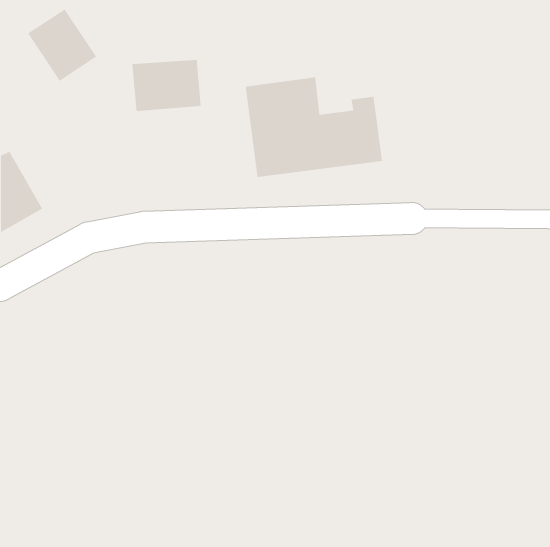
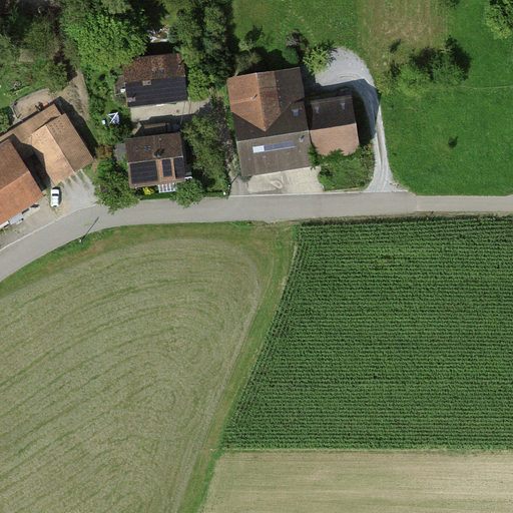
building: [27,9,97,82] -> [28,113,93,181]
building: none -> [127,140,180,183]

